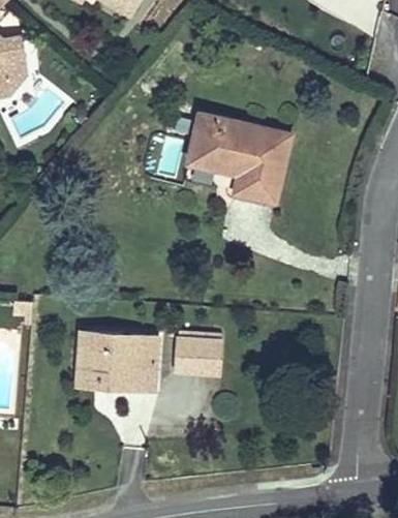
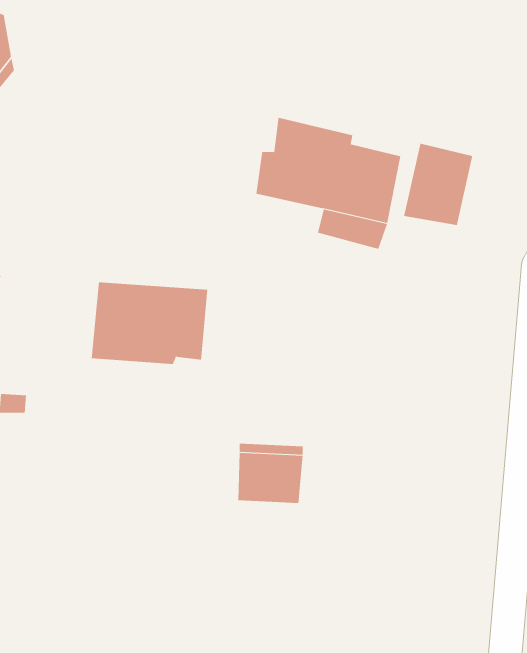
building: none -> [403,143,473,226]
building: [74,333,155,390] -> [91,282,208,365]

